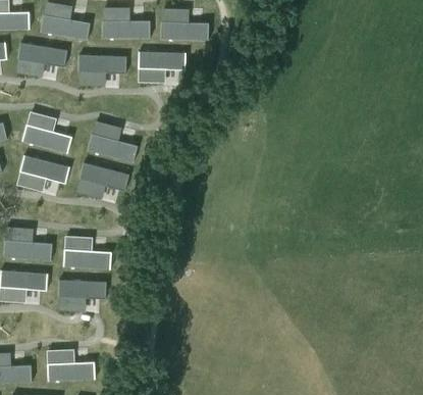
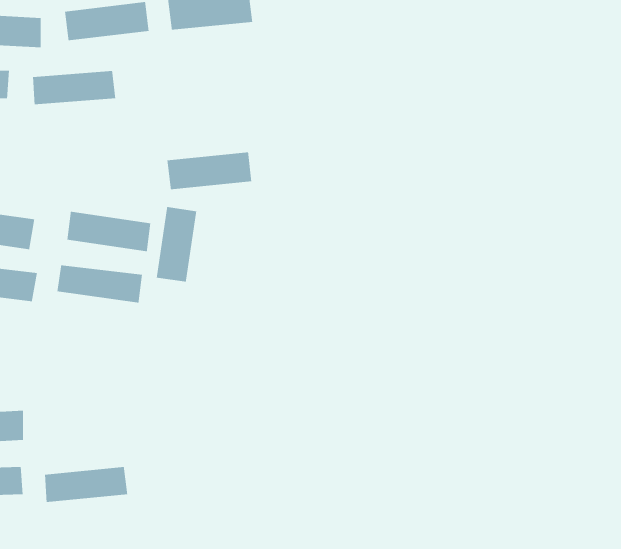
building: [138,51,184,69] -> [167,152,252,190]
building: none -> [156,206,197,283]
building: [63,249,110,269] -> none

